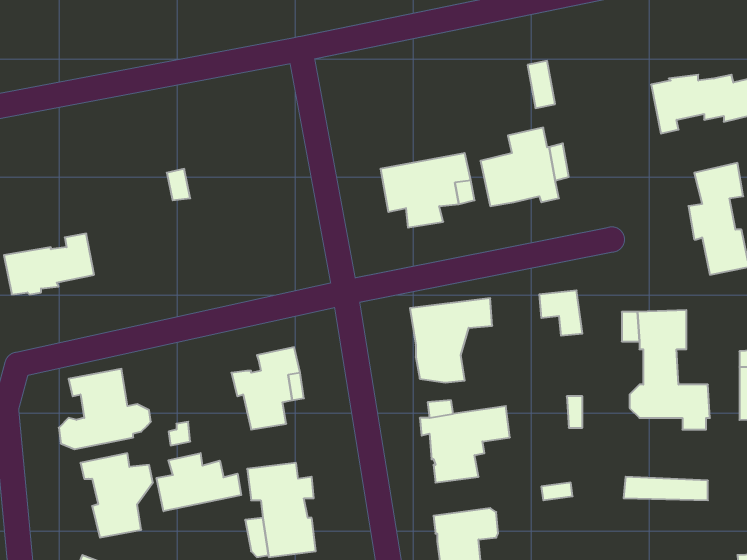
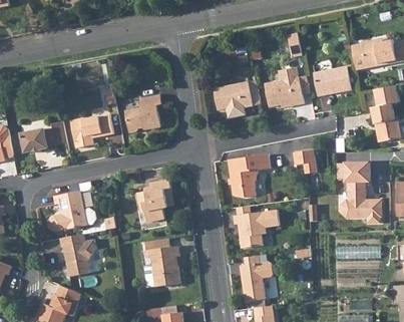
building: none -> [313,66,351,96]
building: none -> [124,95,161,132]
building: none -> [70,114,113,147]
building: [157,453,241,511] -> none

